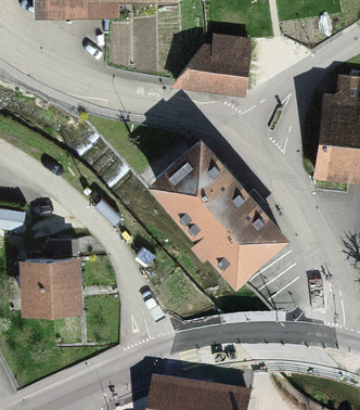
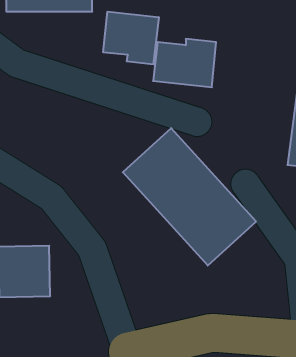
building: none -> [103,12,159,64]

